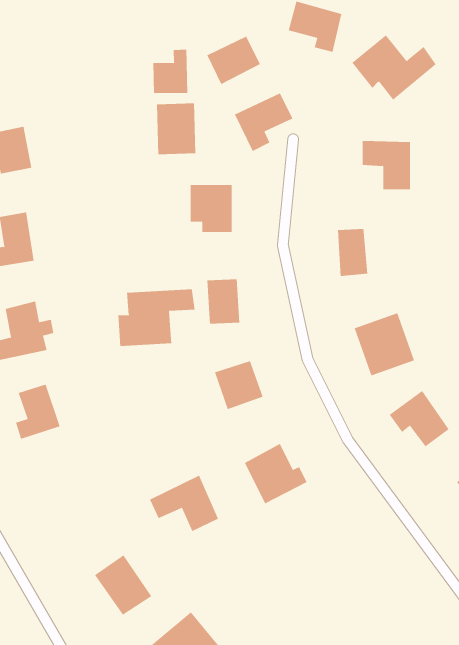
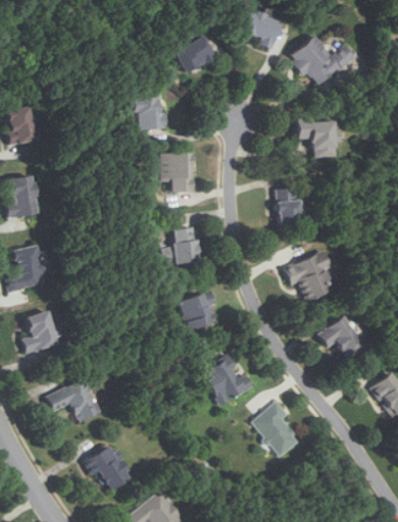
building: [153,49,188,94] -> none
building: [234,92,293,152] -> none
building: [118,289,195,347] -> none
building: [149,475,219,532] -> [46,377,101,422]
building: none -> [252,401,301,457]

